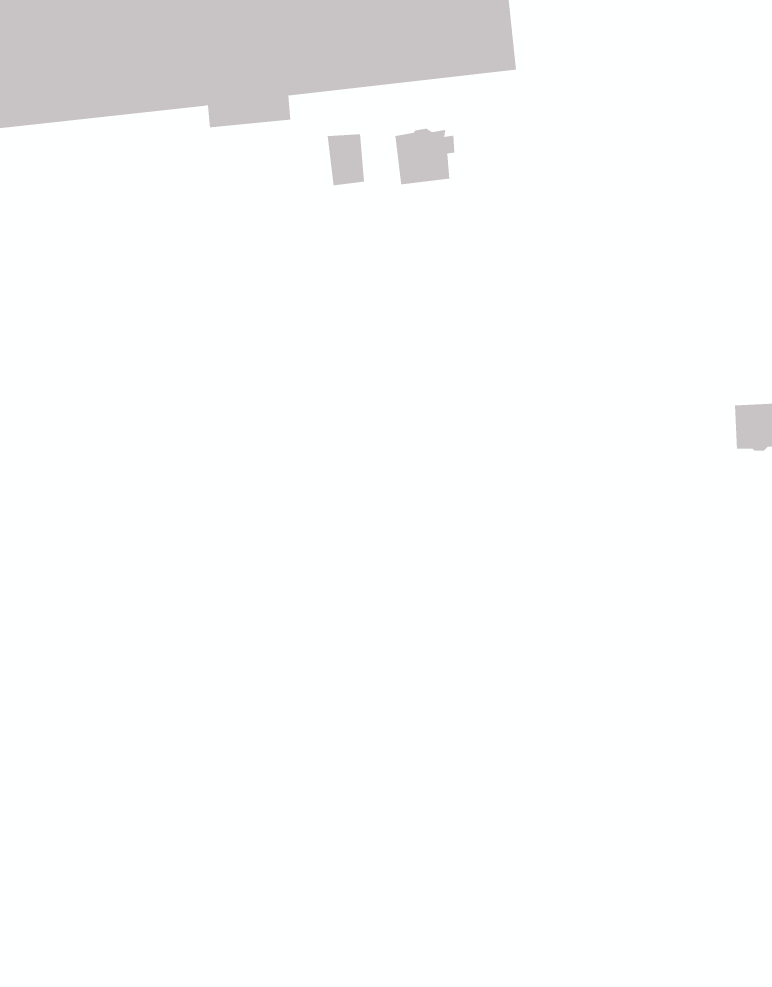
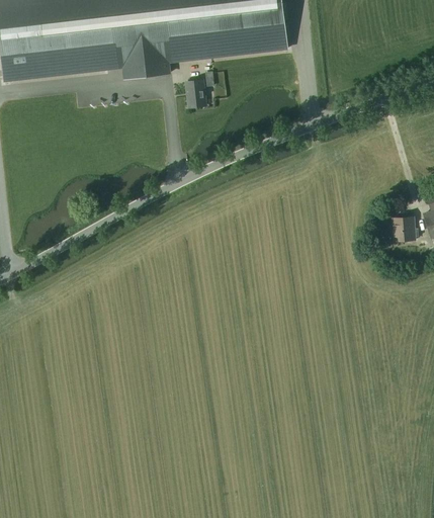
building: [395,128,455,185] -> none

